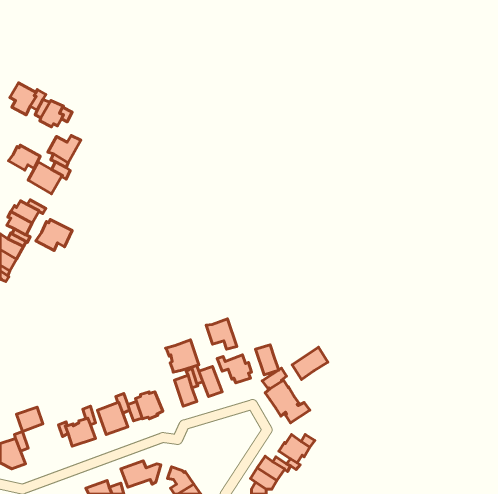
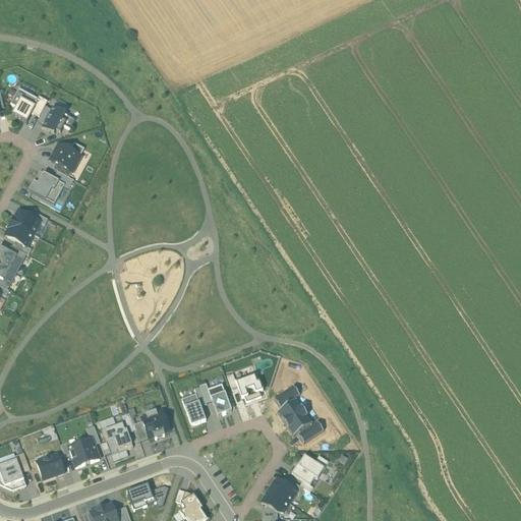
building: [9,145,40,170] -> none
building: [36,219,72,250] -> none
building: [206,319,237,349] -> none
building: [166,340,199,372] -> none
building: [256,345,279,375] -> none
building: [292,347,328,380] -> none
building: [17,407,43,432] -> [37,453,64,478]

